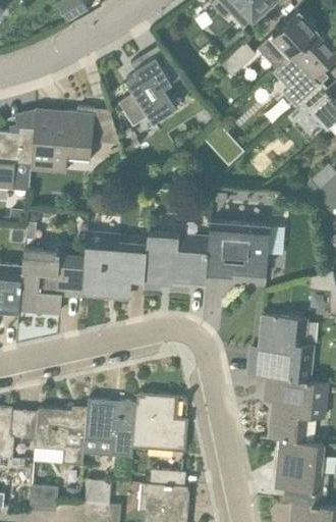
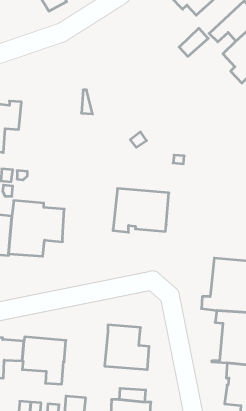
building: [118,45,180,125] -> none
building: [30,108,94,174] -> none
building: [206,222,270,277] -> none
building: [82,232,147,297] -> none
building: [85,400,136,456] -> none

